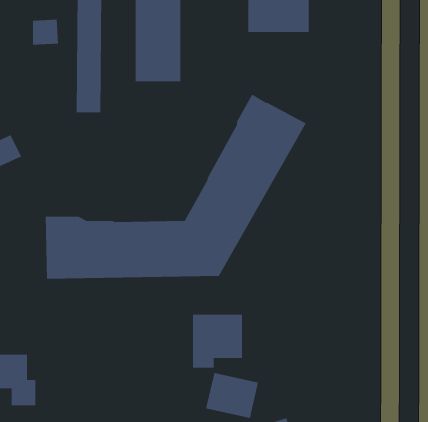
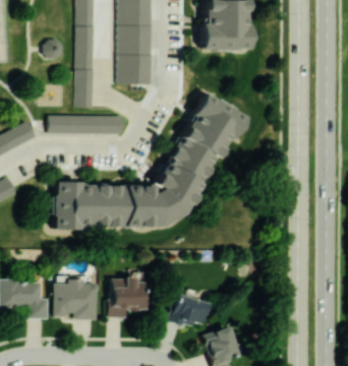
building: none -> [48,115,122,134]
building: [192,314,243,369] -> [110,279,147,318]
building: none -> [53,282,98,320]

